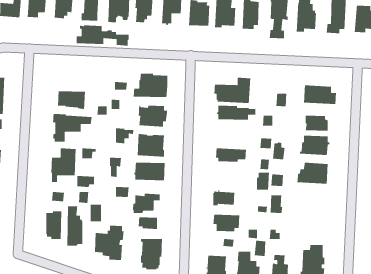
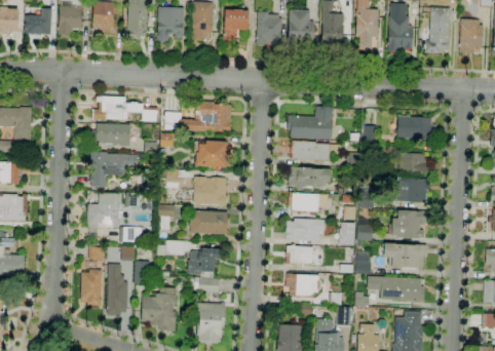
building: [76,25,129,46] -> [92,95,158,122]
building: none -> [289,167,331,186]
building: none -> [285,219,325,241]
building: none -> [383,243,426,268]
building: none -> [367,276,424,302]

